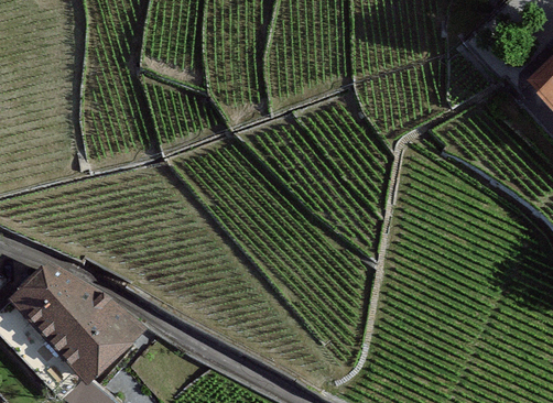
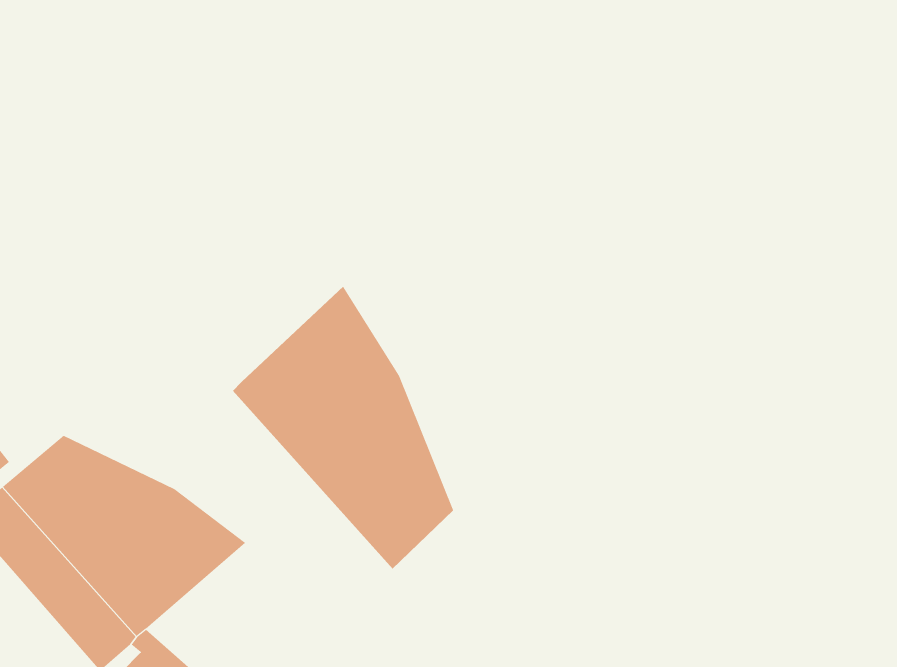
building: none -> [232,286,454,569]

